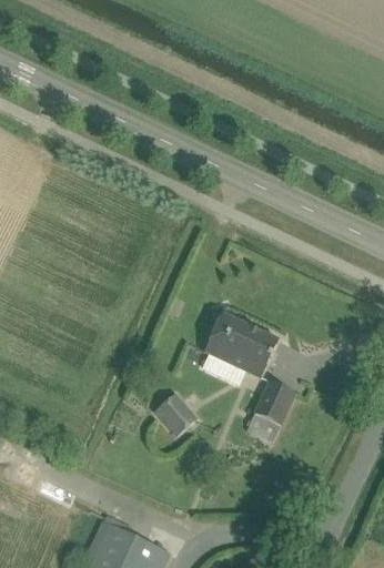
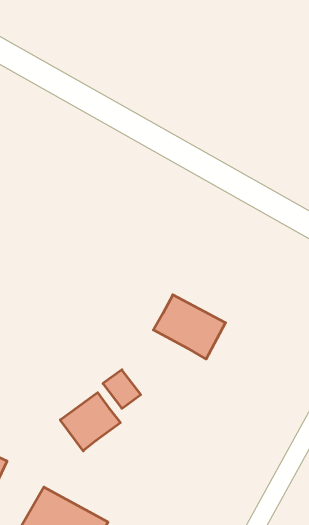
building: [245,381,295,443] -> none
building: none -> [60,393,120,451]

